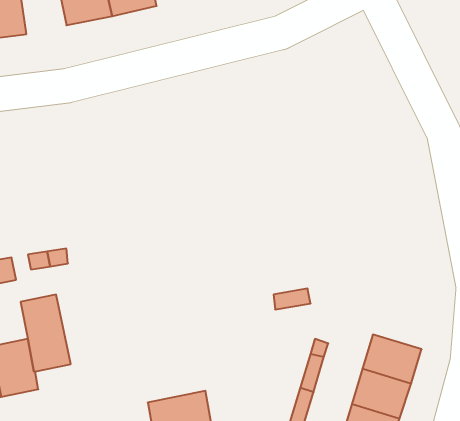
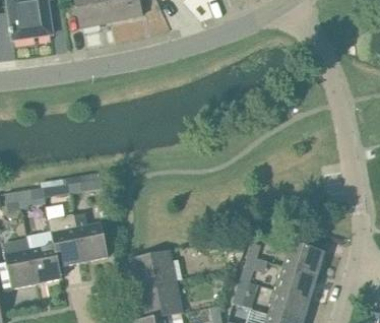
building: none -> [73,211,108,261]
building: none -> [130,250,176,287]

